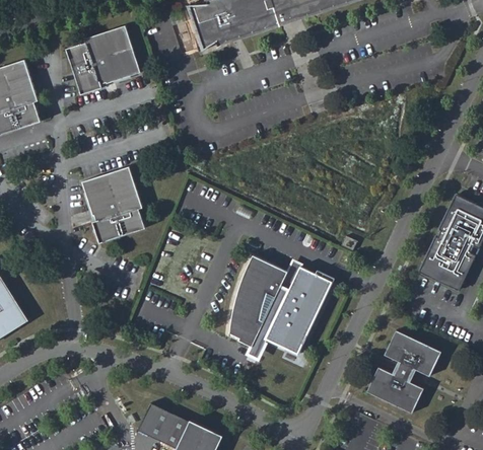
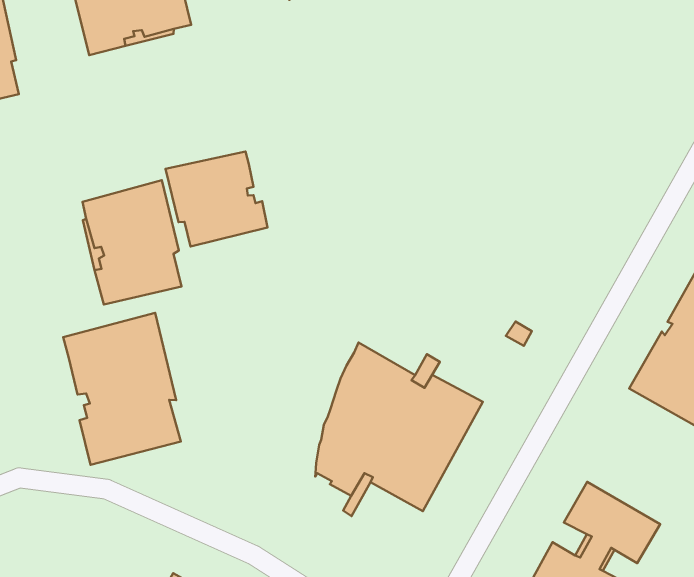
building: none -> [166,151,267,247]
building: none -> [63,313,181,465]

